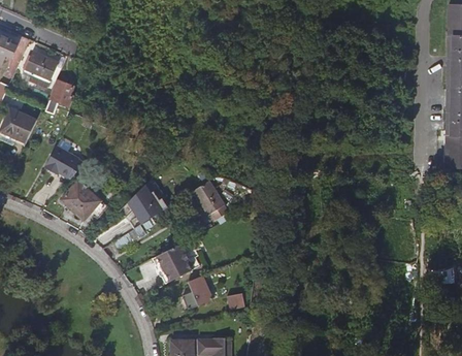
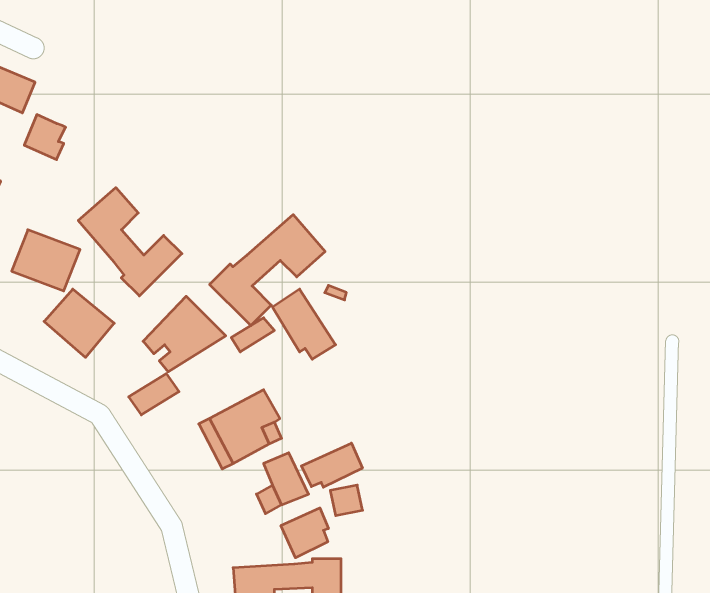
building: none -> [78,188,182,296]
building: none -> [210,215,325,326]
building: none -> [301,443,362,487]
building: none -> [281,508,328,558]

